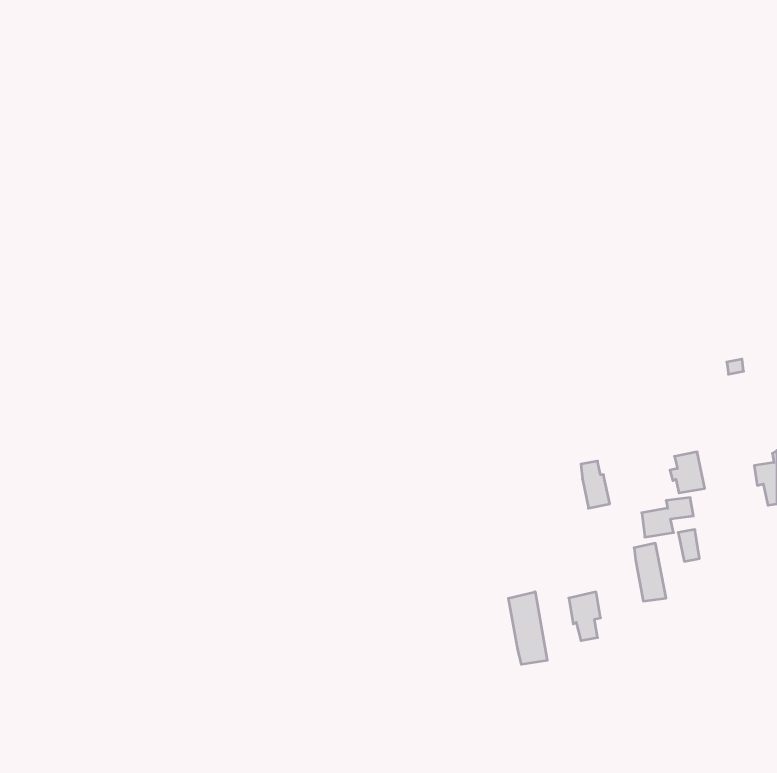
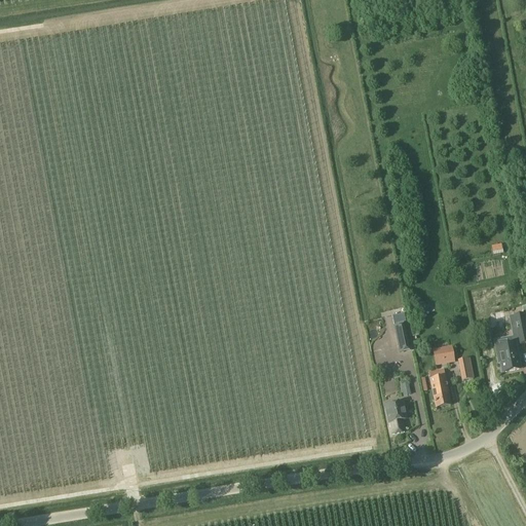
building: [670,452,705,493] -> [496,342,520,370]
building: [508,592,547,664] -> none

